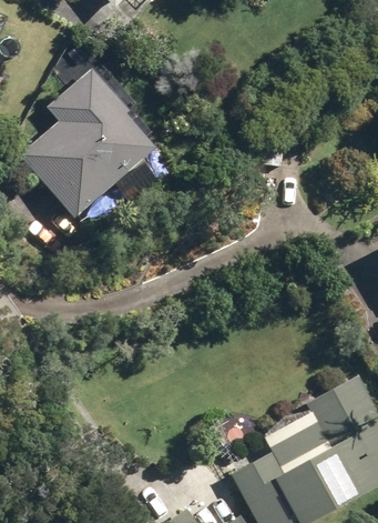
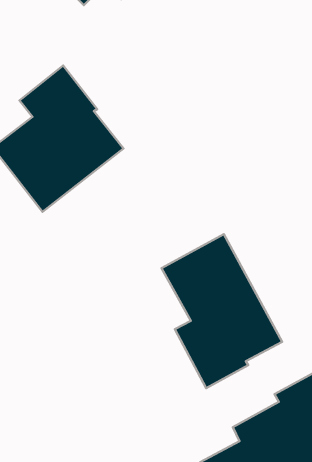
building: none -> [162,234,282,388]

